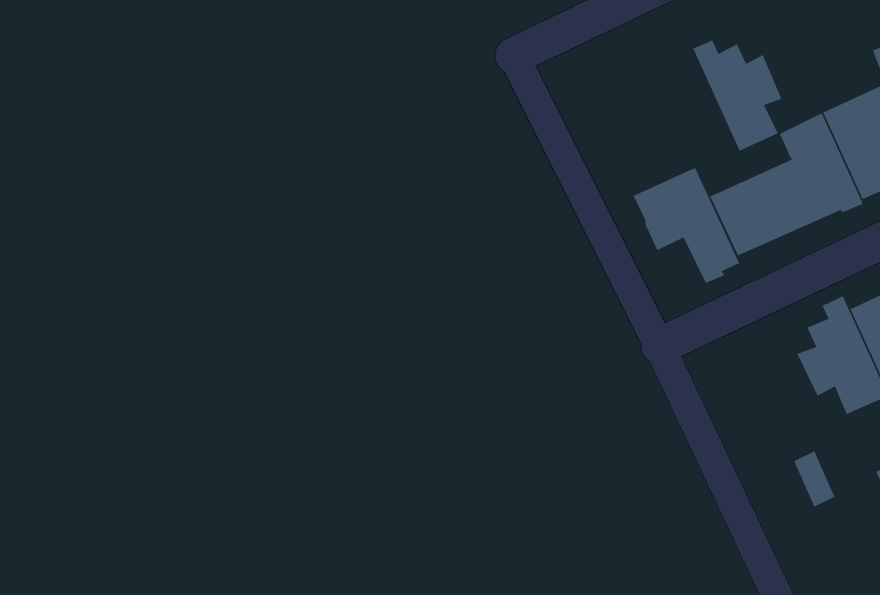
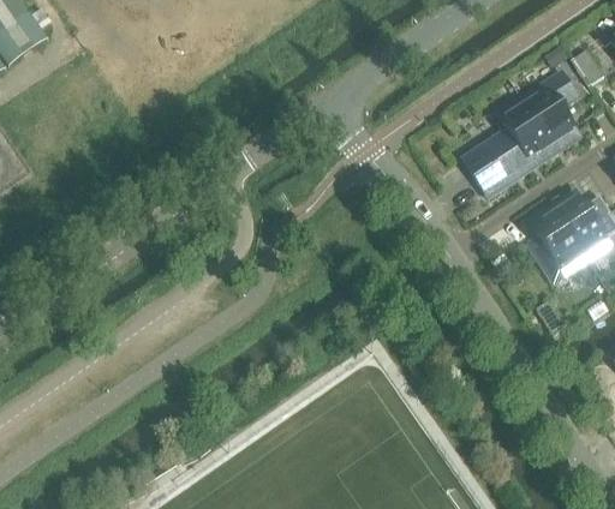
building: [692,39,782,152] -> none
building: [633,167,740,284] -> none

